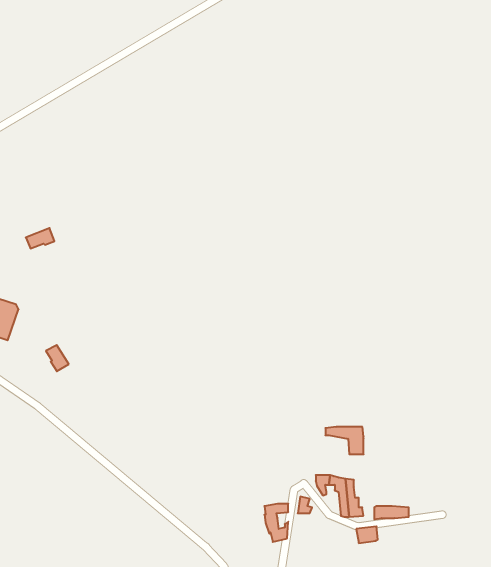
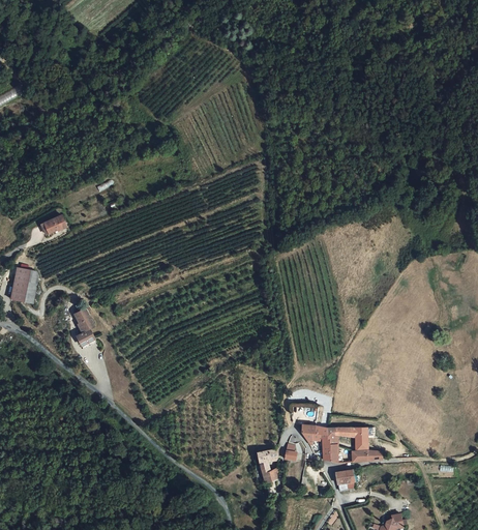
building: [325,427,364,454] -> [334,428,367,451]

